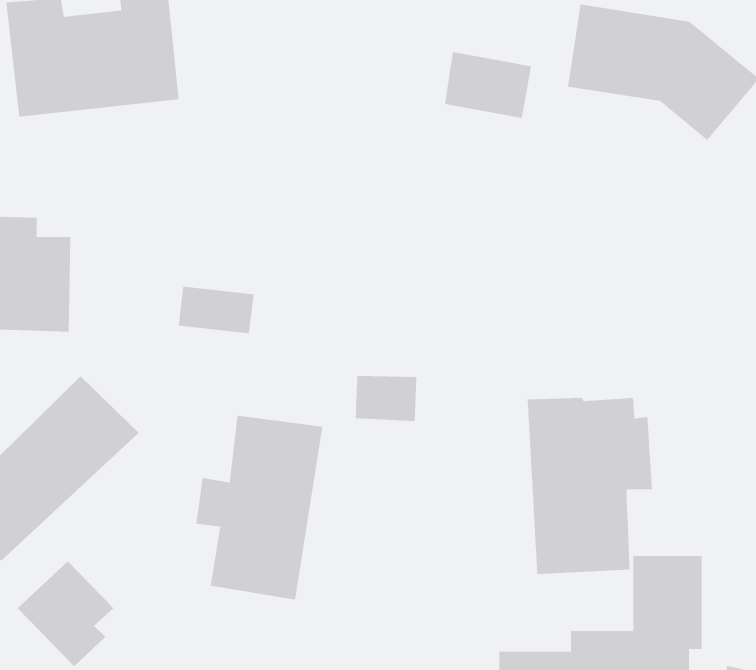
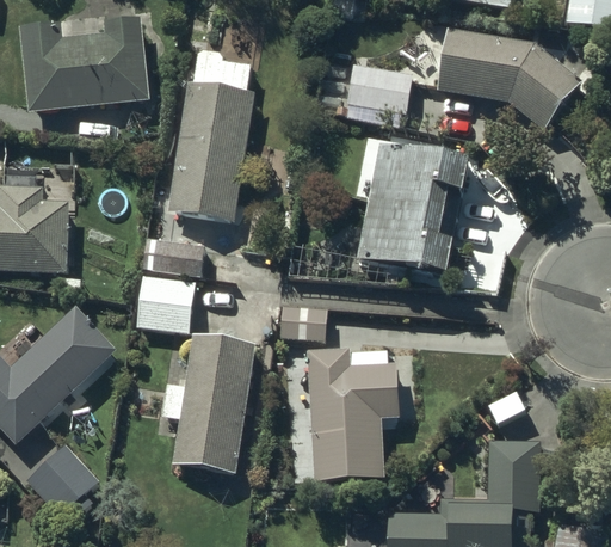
building: none -> [165,51,254,221]
building: none -> [356,142,467,274]
building: none -> [136,275,195,332]
building: [527,398,653,575] -> [306,349,400,481]

